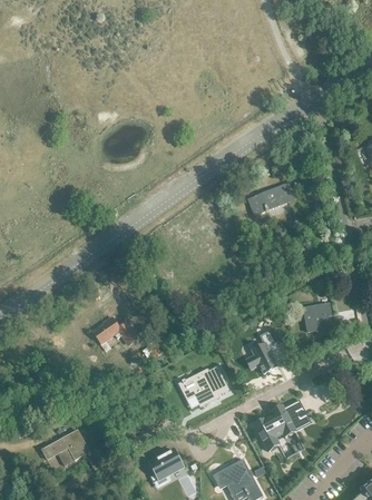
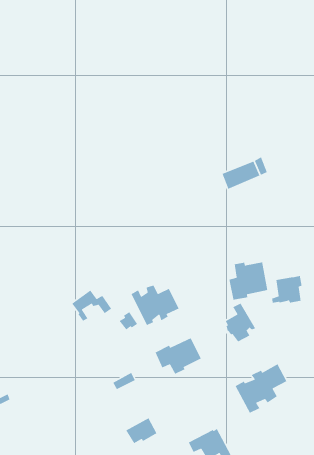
building: none -> [229,262,268,300]
building: none -> [130,284,180,326]
building: [40,430,107,469] -> none

